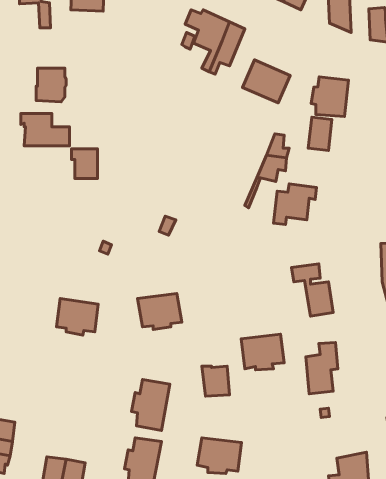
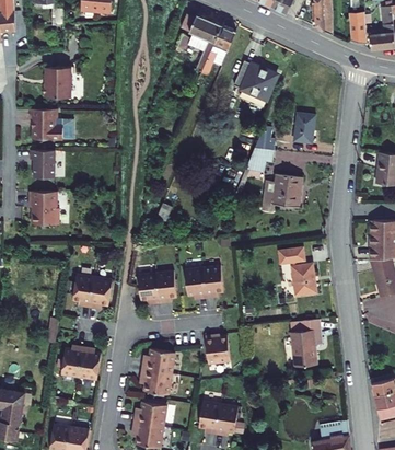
building: [311,77,349,117] -> none
building: [71,149,98,178] -> [33,149,57,176]
building: none -> [32,191,61,223]
building: [241,334,284,370] -> [187,267,226,300]
building: none -> [55,350,93,383]

